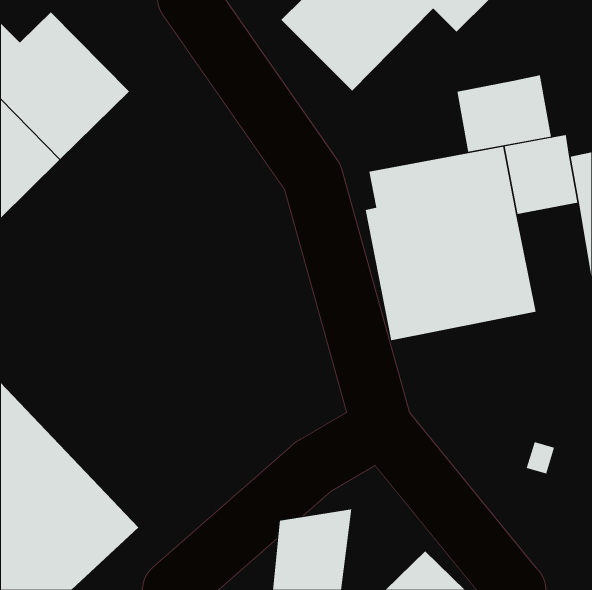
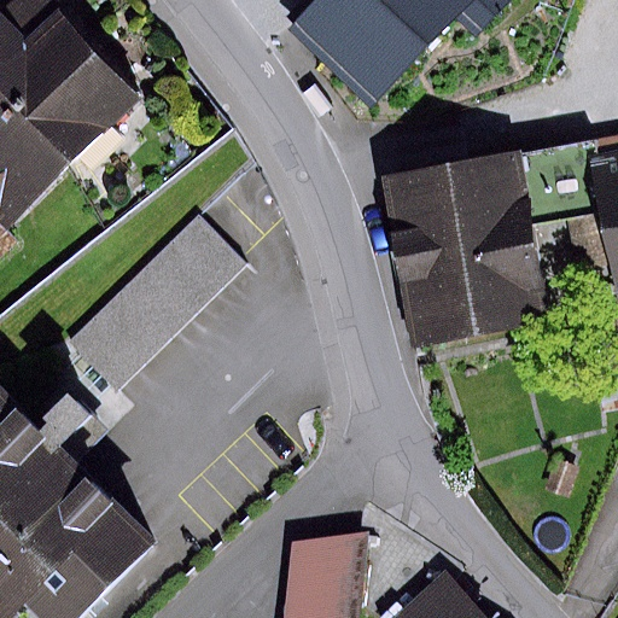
building: [457,75,552,153] -> none
building: none -> [70,212,245,387]

